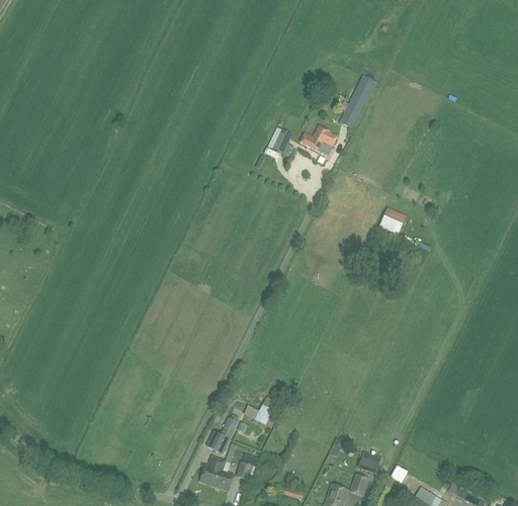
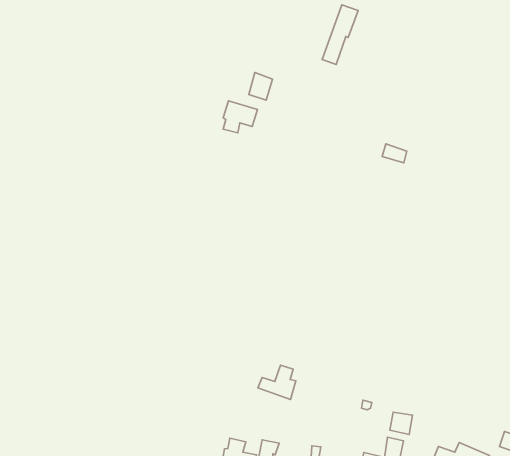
building: [299,125,337,152] -> none
building: none -> [223,101,257,133]
building: [206,417,239,454] -> none

